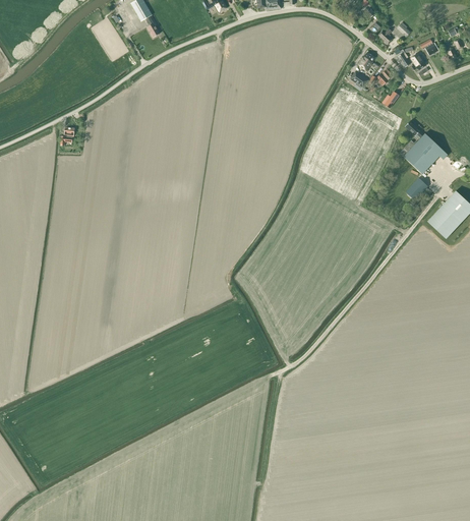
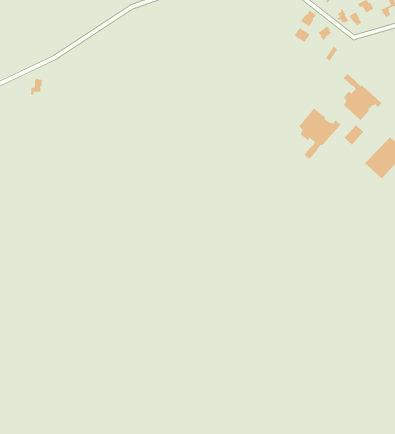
building: none -> [298,108,341,160]

